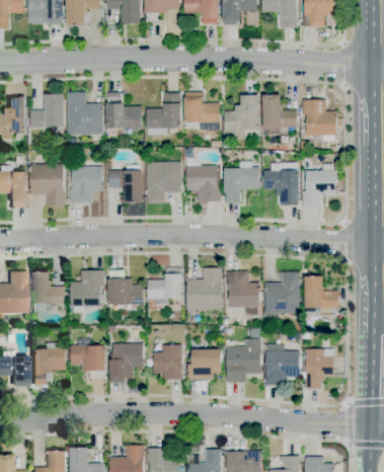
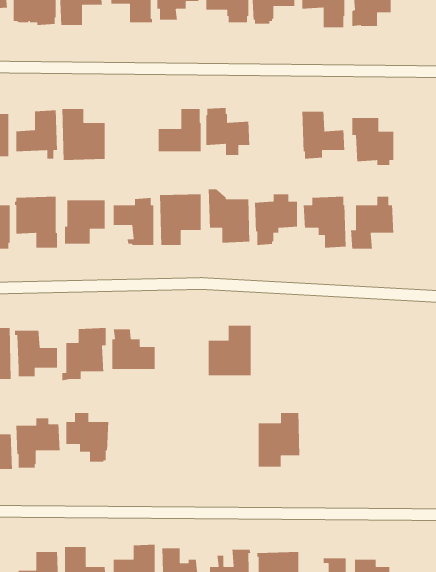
building: [106,91,142,129] -> none
building: [224,95,259,140] -> none
building: [148,267,182,305] -> none
building: [227,270,259,316] -> none
building: [264,271,300,313] -> none
building: [305,276,339,315] -> none
building: [110,342,144,382] -> none
building: [154,344,182,379] -> none
building: [188,348,222,379] -> none
building: [305,348,334,388] -> none
building: [265,350,300,385] -> none

